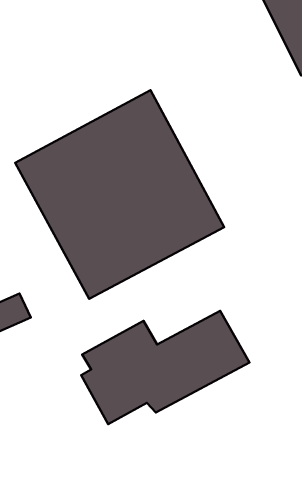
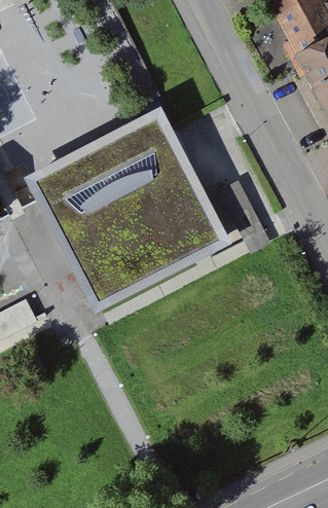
building: [81,311,249,424] -> none

